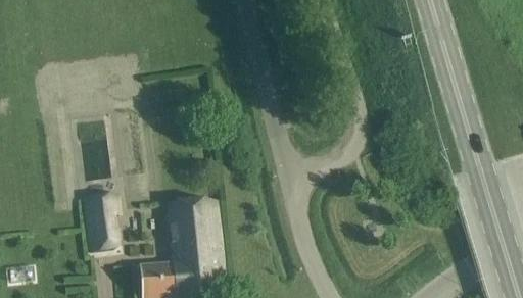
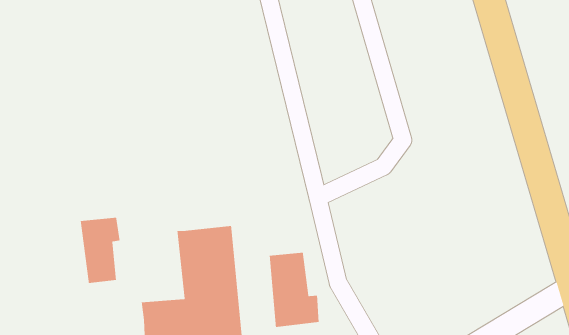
building: none -> [269,252,320,328]

